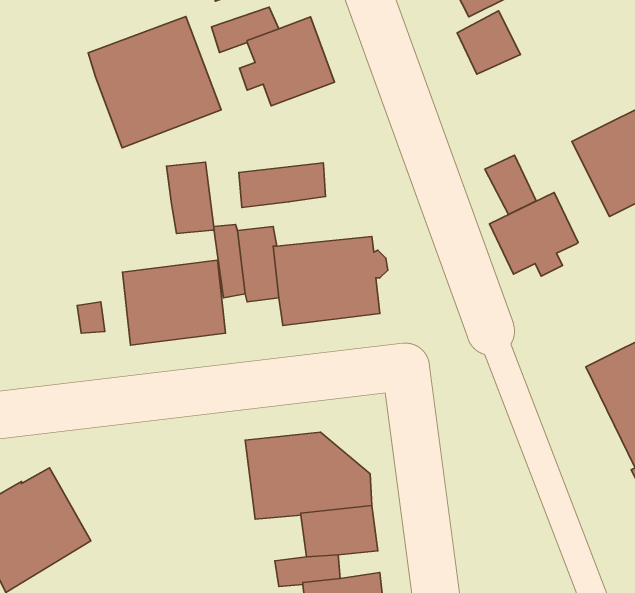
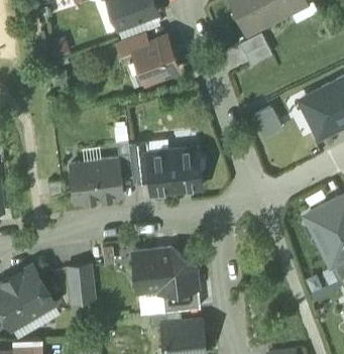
building: [88,16,221,148] -> none
building: [166,162,214,233] -> none
building: [239,163,326,208] -> none
building: [490,192,578,276] -> none
building: none -> [65,266,95,304]

